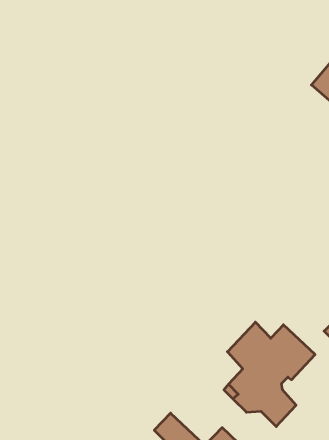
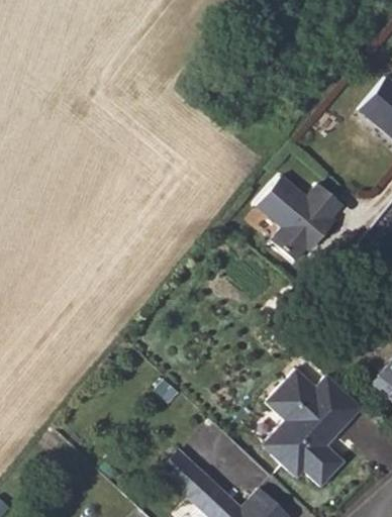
building: none -> [259,176,344,261]
building: none -> [162,452,202,493]

